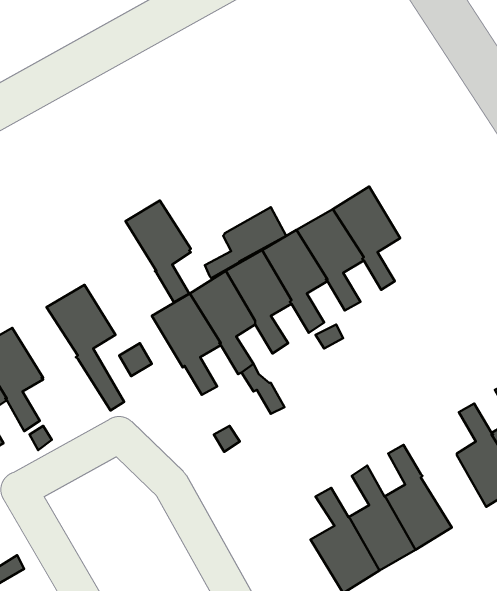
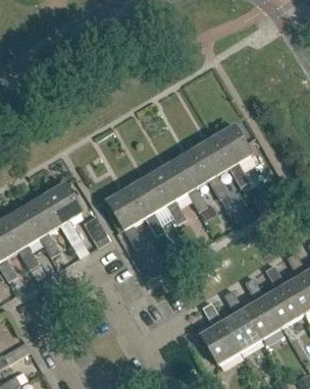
building: [125,201,191,302] -> [21,196,60,256]
building: [205,207,286,278] -> none
building: none -> [263,265,302,326]

